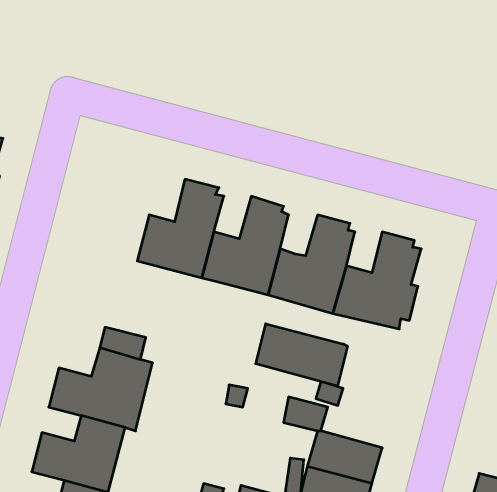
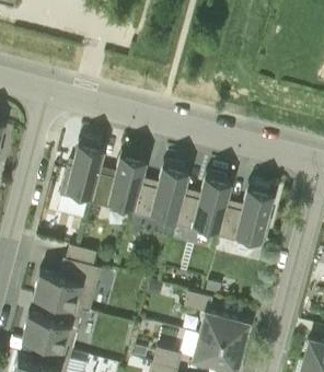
building: none -> [60,140,104,204]
building: [256,324,347,386] -> none

